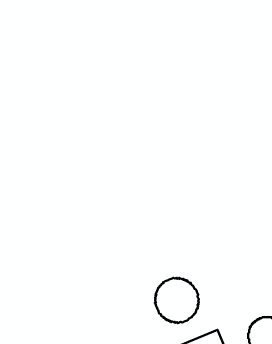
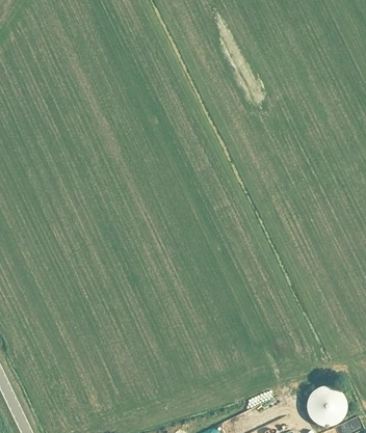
building: [155,278,199,323] -> none

